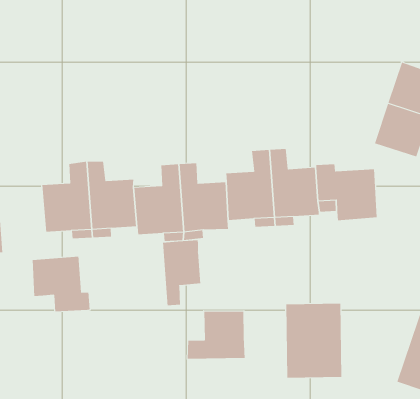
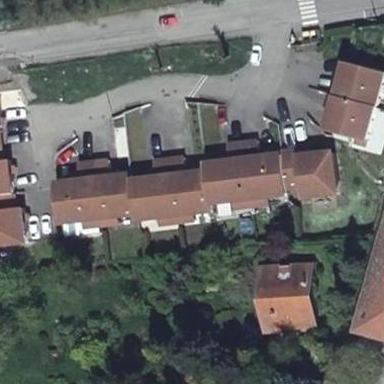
building: [162,239,201,306] -> none
building: [32,256,90,312] -> none
building: [187,311,245,359] -> none

